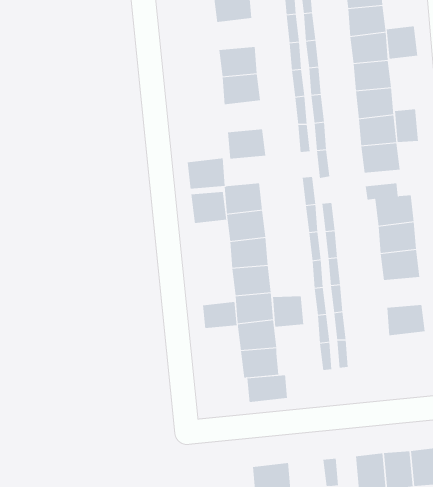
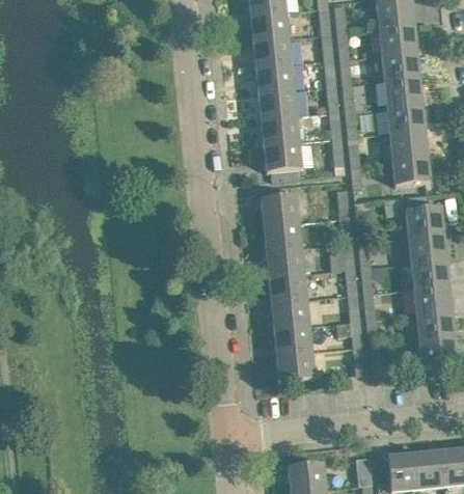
building: none -> [254,36,292,66]
building: [386,26,418,60] -> none
building: [394,108,418,143] -> none
building: [187,158,226,189] -> [262,115,299,145]
building: [191,191,227,224] -> none
building: none -> [414,284,452,313]
building: [273,295,304,327] -> none
building: [203,301,237,329] -> none
building: none -> [419,336,457,366]
building: [247,374,288,403] -> none

